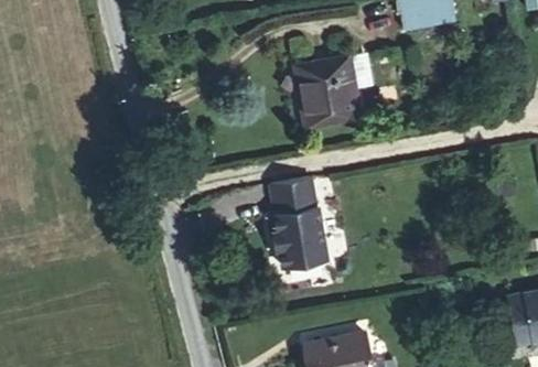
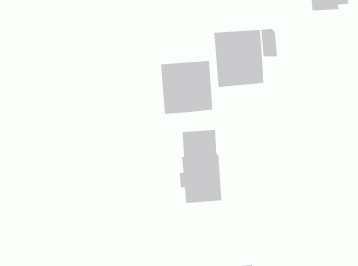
building: none -> [160,60,213,115]

